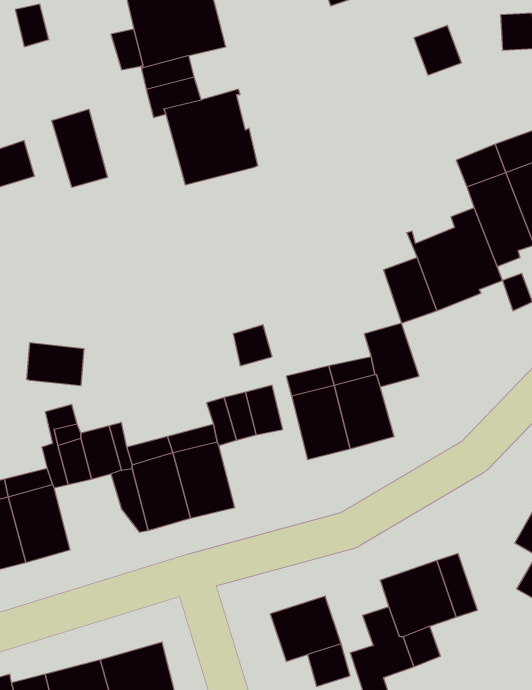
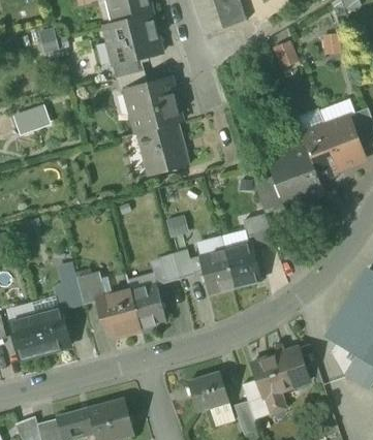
building: [52,109,107,187] -> none
building: none -> [137,123,188,176]
building: [27,343,84,386] -> none

